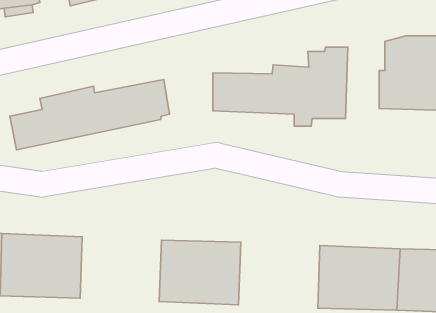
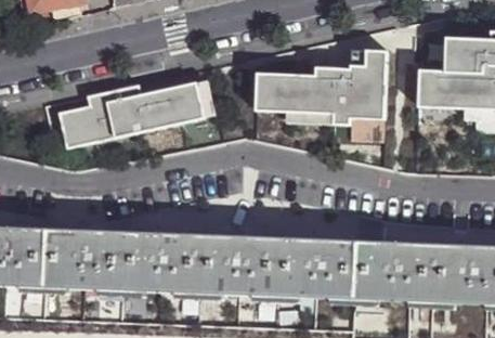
building: none -> [127,232,206,295]
building: none -> [281,237,360,301]

